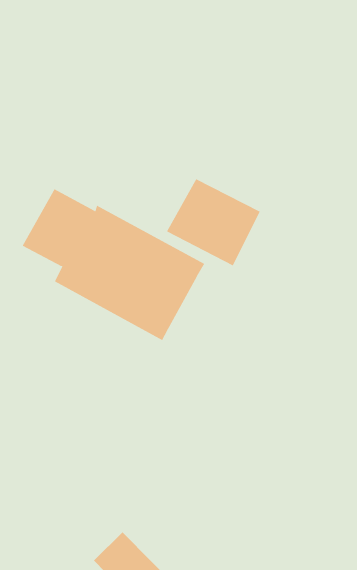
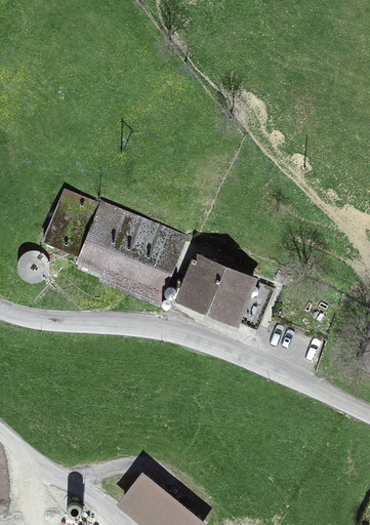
building: [166,178,260,266] -> [175,254,254,326]

